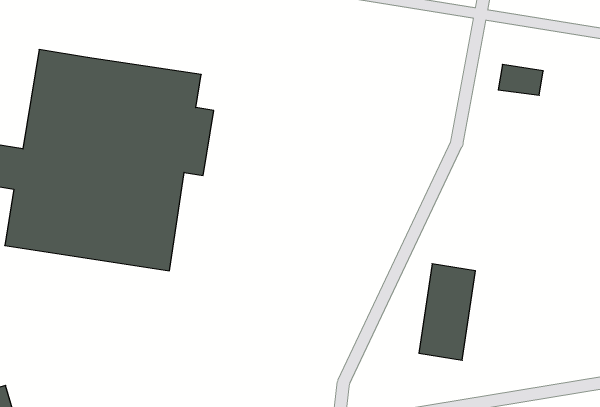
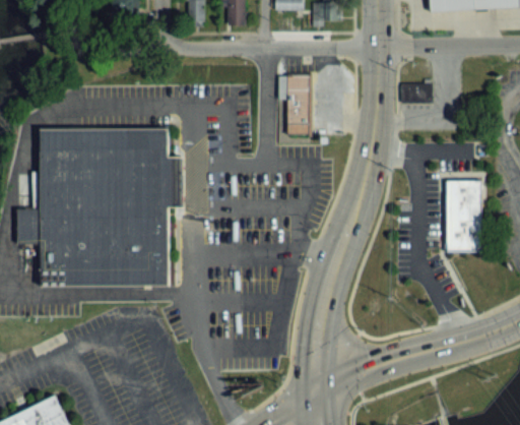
building: none -> [279,72,312,135]
building: [419,264,475,360] -> [446,179,481,250]

